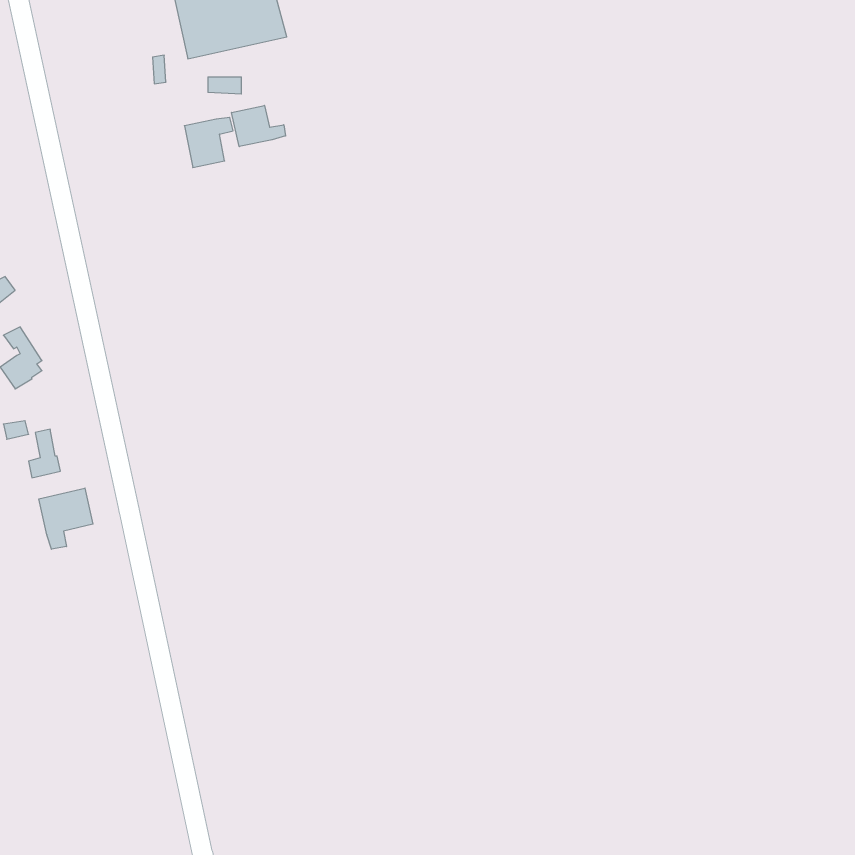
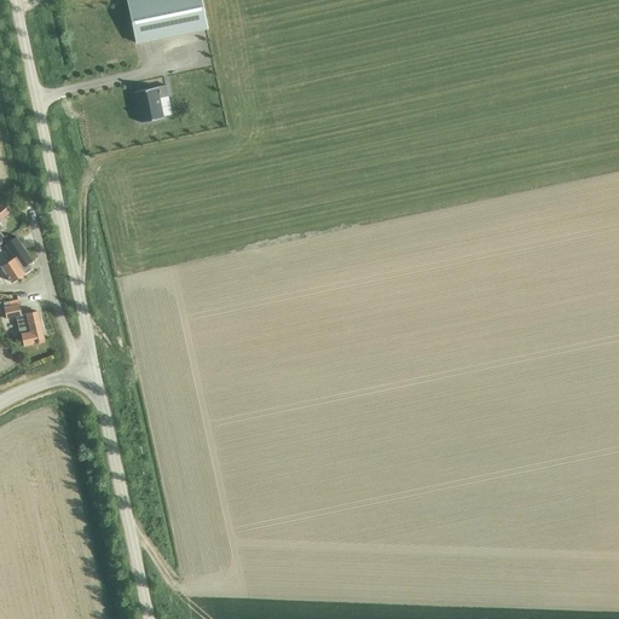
building: [232,105,286,147] -> none
building: [39,488,93,549] -> none

